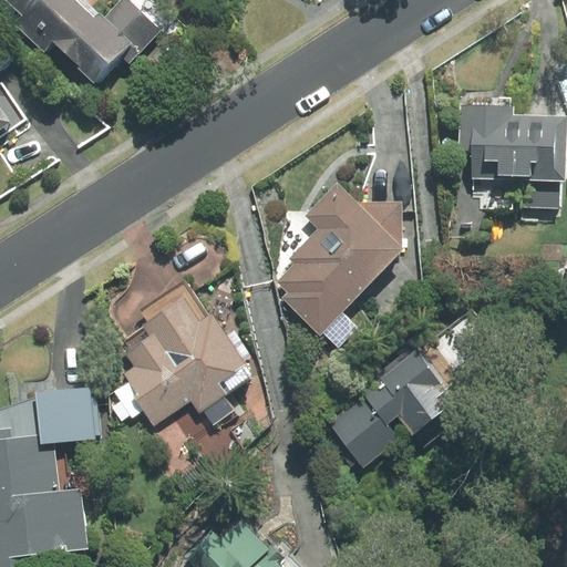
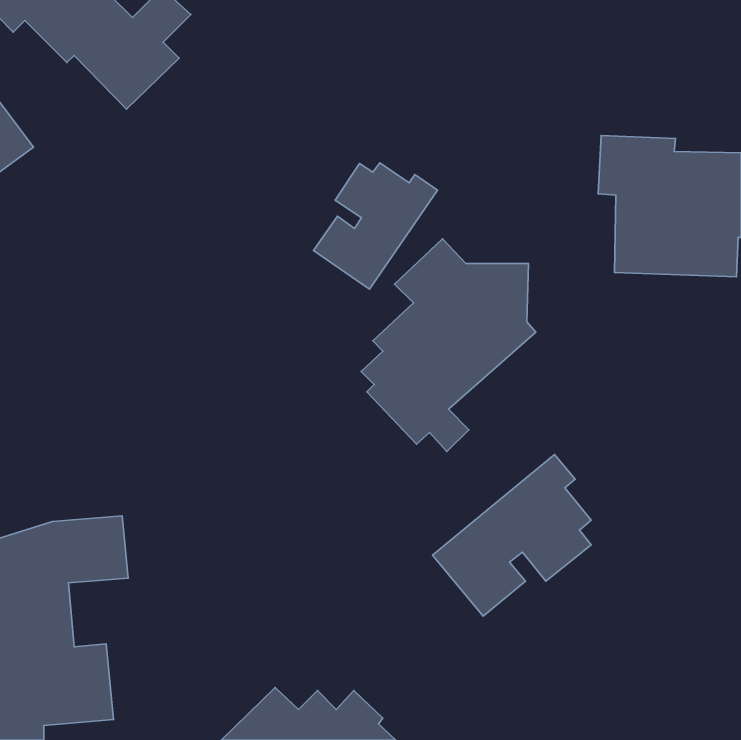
building: none -> [314,163,438,289]
building: [120,278,256,425] -> none

